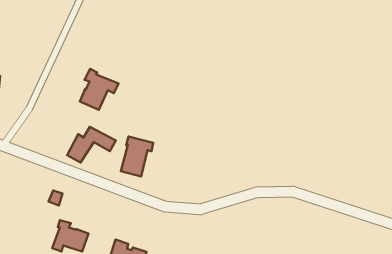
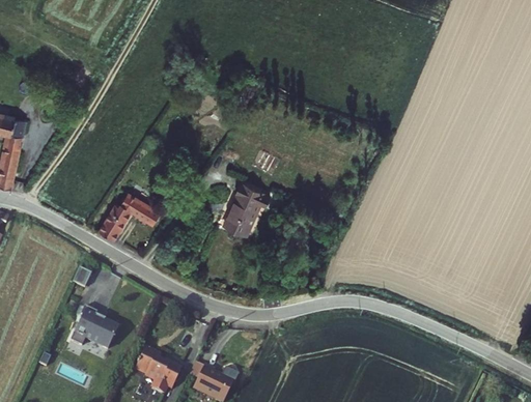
building: [80,69,118,110] -> none
building: [121,137,153,176] -> [220,183,264,235]

